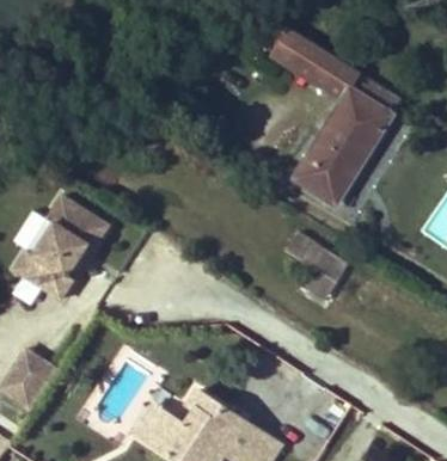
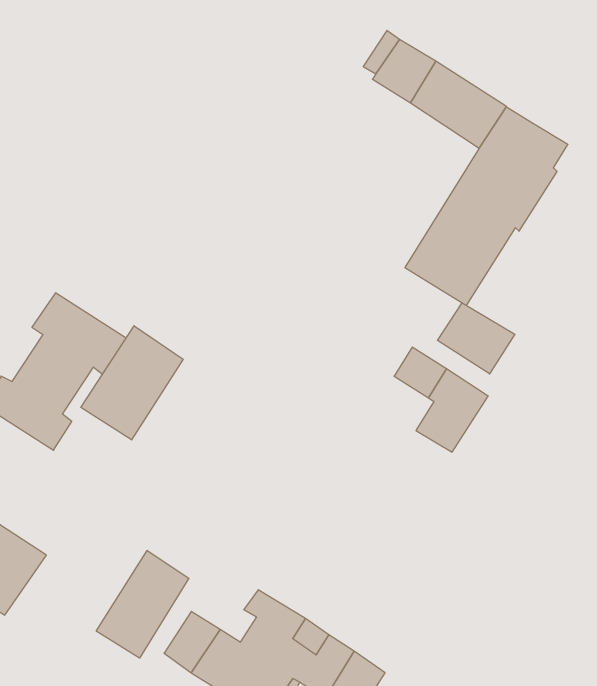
building: none -> [437,303,515,374]
building: none -> [81,326,183,440]
building: none -> [96,550,189,658]

